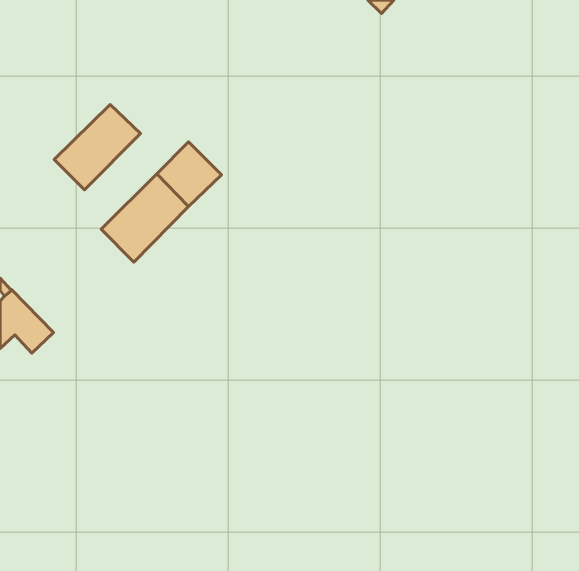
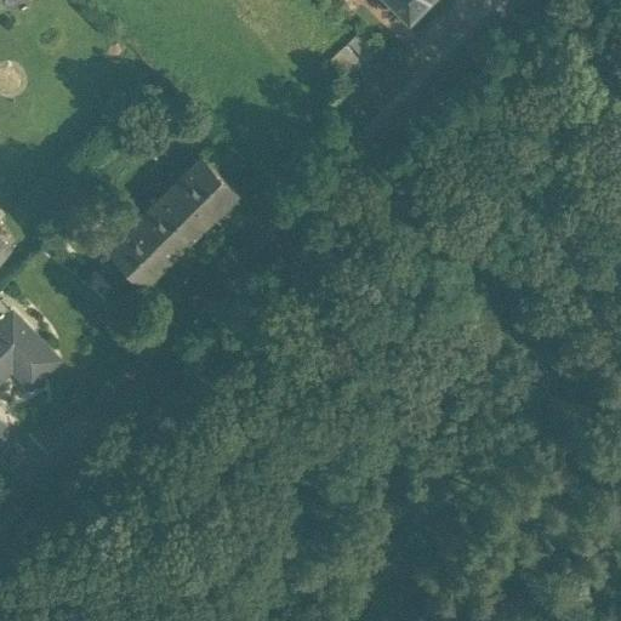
building: [54,104,141,190] -> none

